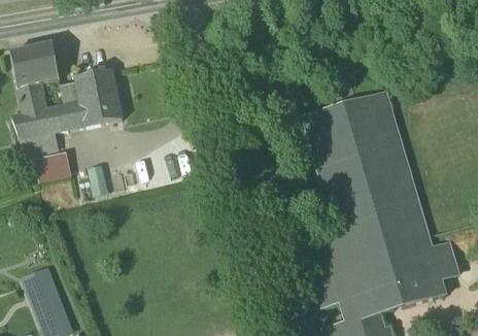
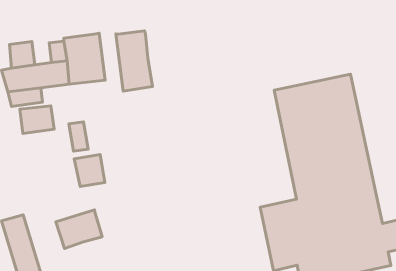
building: [11,43,59,89] -> none
building: none -> [116,31,152,91]
building: none -> [74,154,105,187]
building: none -> [56,210,102,249]

